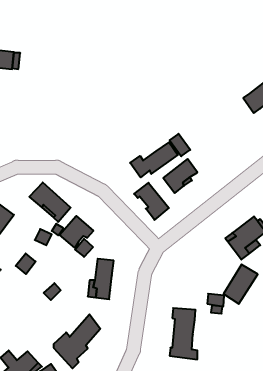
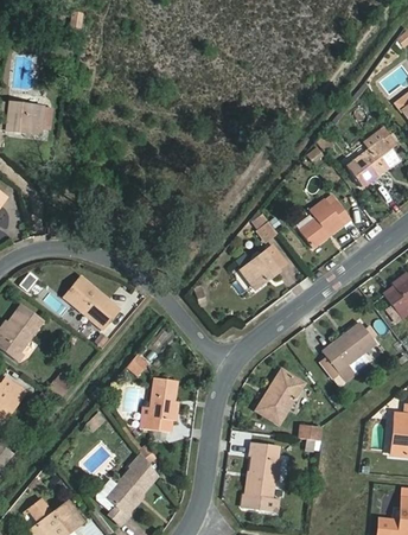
building: none -> [300,200,350,247]
building: [130,142,178,177] -> none
building: [134,183,169,220] -> none
building: [60,216,93,248] -> none
building: [224,264,258,304] -> [257,372,302,425]

